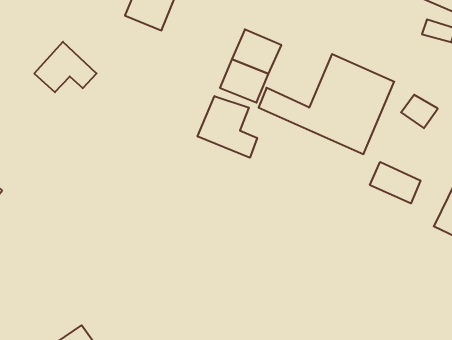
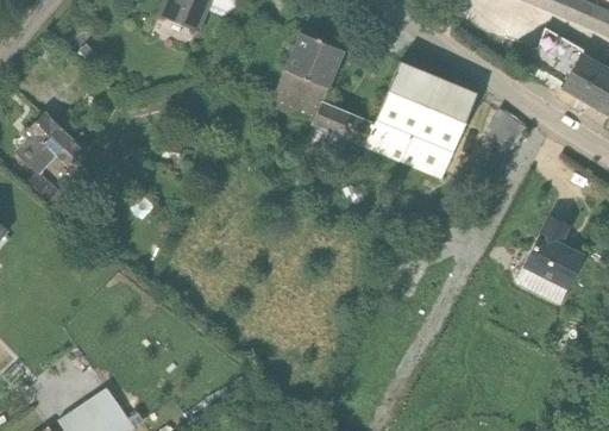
building: [34,42,97,92] -> [12,118,87,179]
building: [198,96,257,158] -> none
building: [370,162,420,203] -> none

